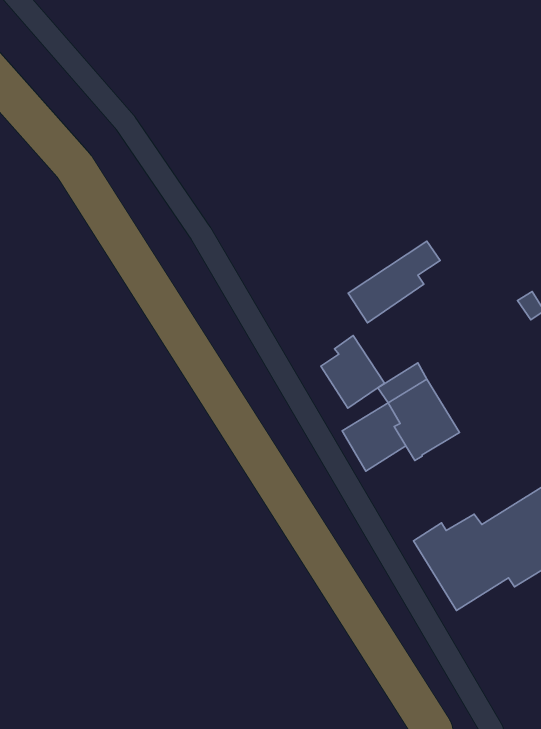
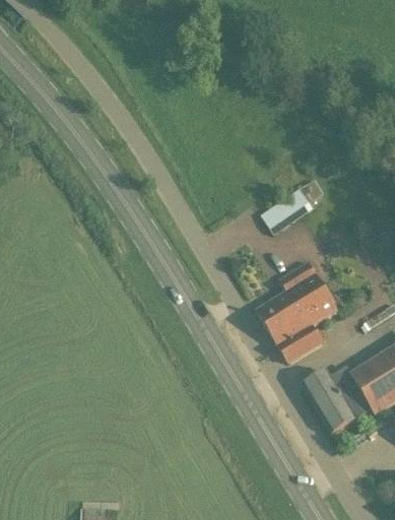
building: [321,335,385,408] -> none
building: none -> [273,319,322,362]

